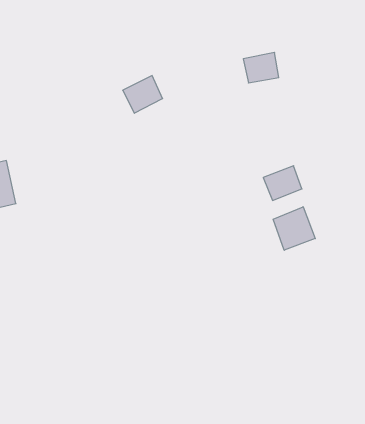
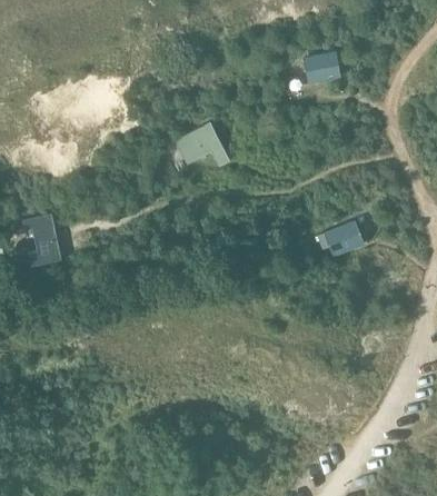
building: [243,52,279,83] -> [302,51,340,83]
building: [273,207,315,250] -> none

